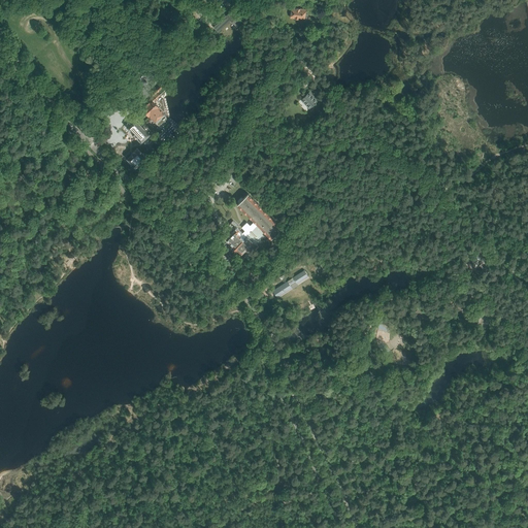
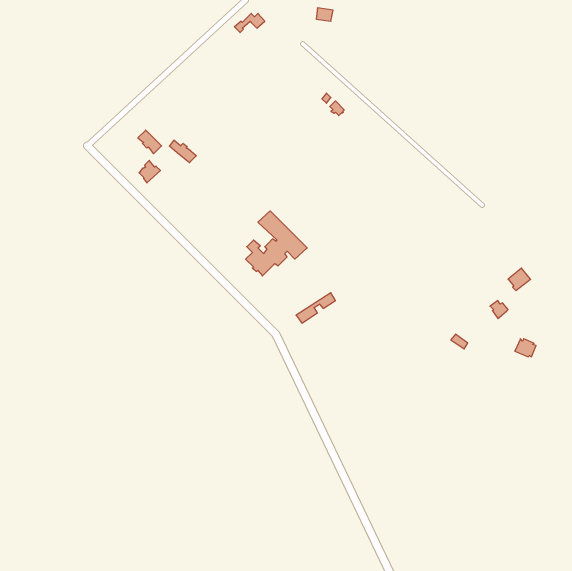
building: [143,92,167,124] -> none

